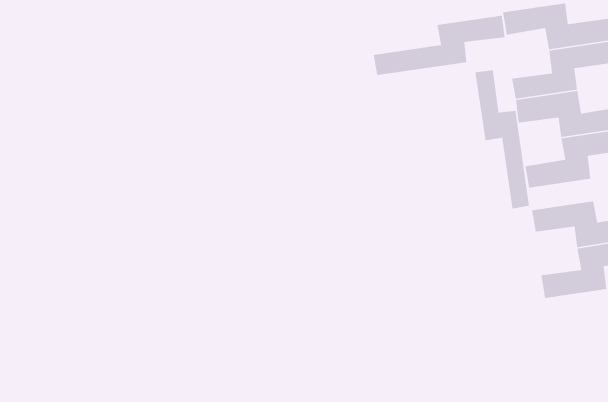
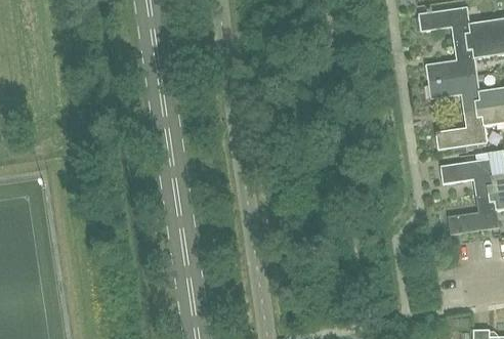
building: [373,15,505,76] -> none
building: [475,69,530,209] -> none

